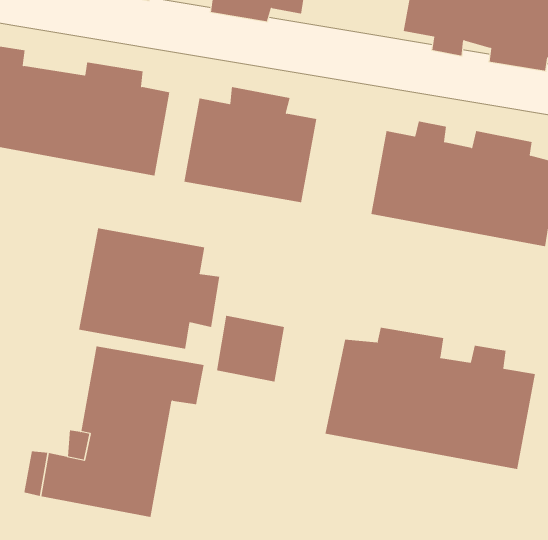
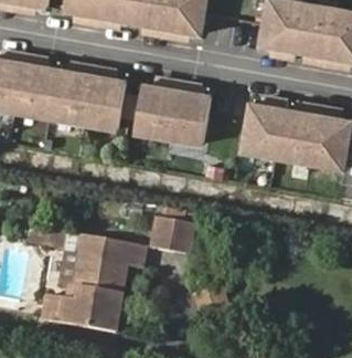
building: [79,227,220,350] -> none
building: [325,327,536,470] -> none

